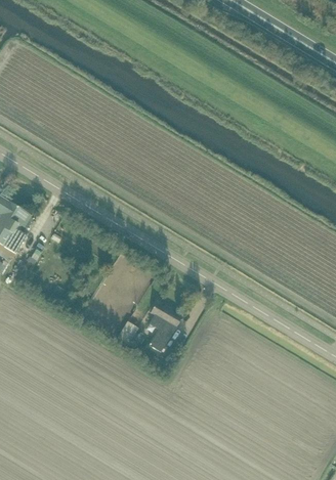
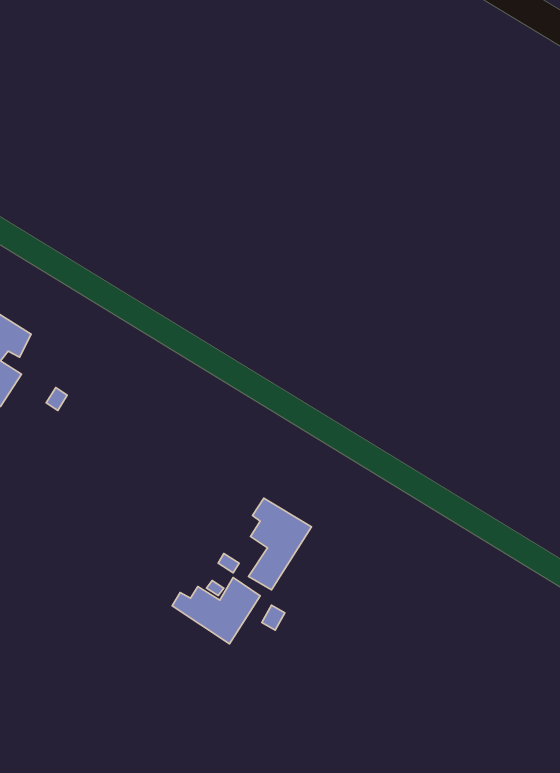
building: none -> [172,577,260,644]

